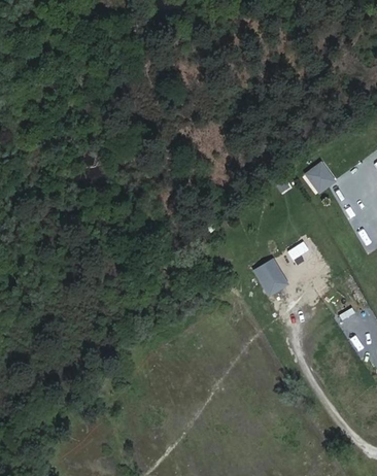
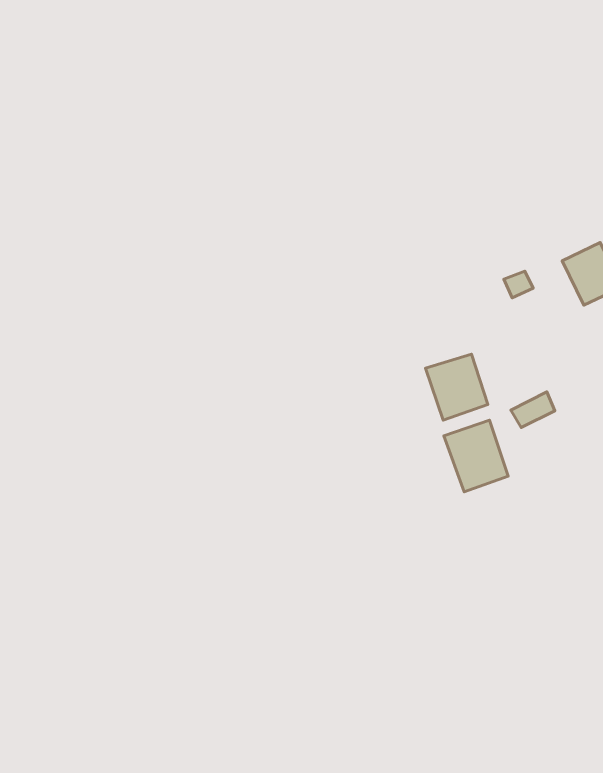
building: none -> [426,354,488,420]

